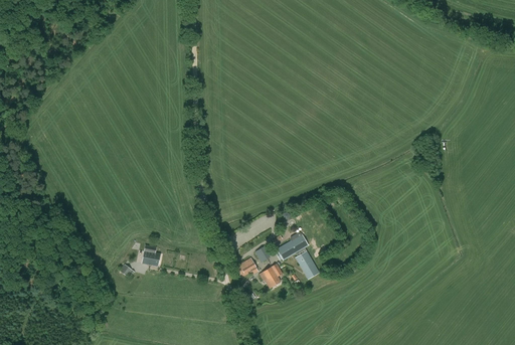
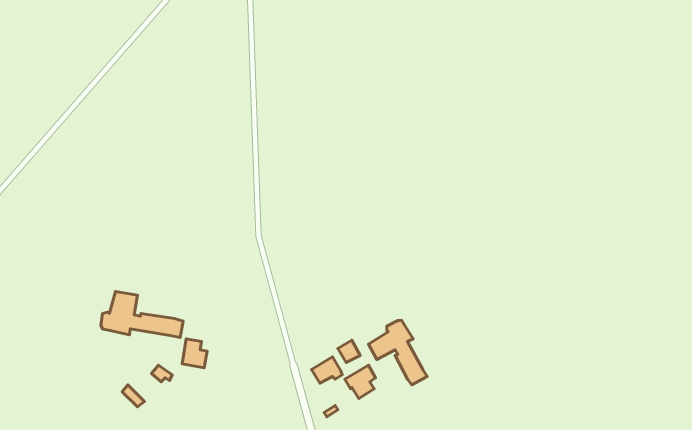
building: none -> [101,292,183,338]

